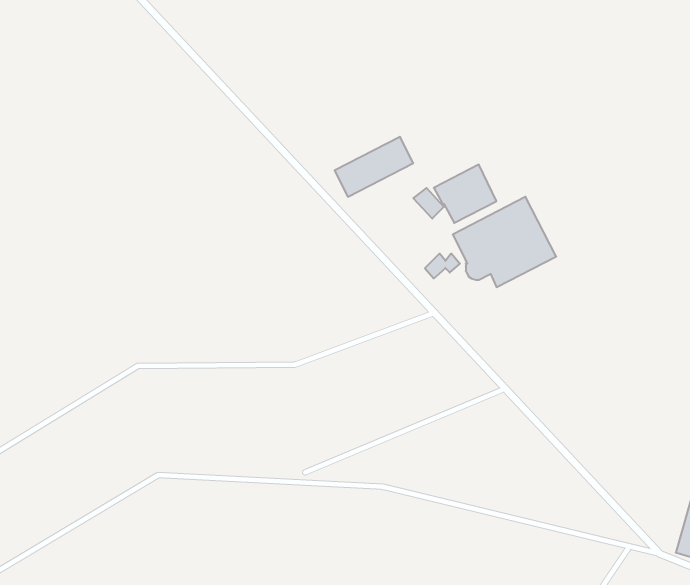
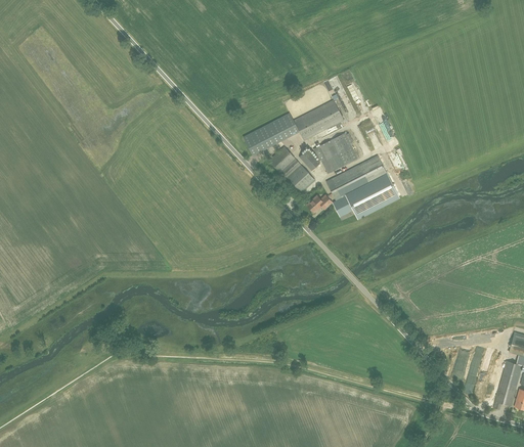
building: none -> [296,100,344,139]
building: none -> [270,145,316,193]

